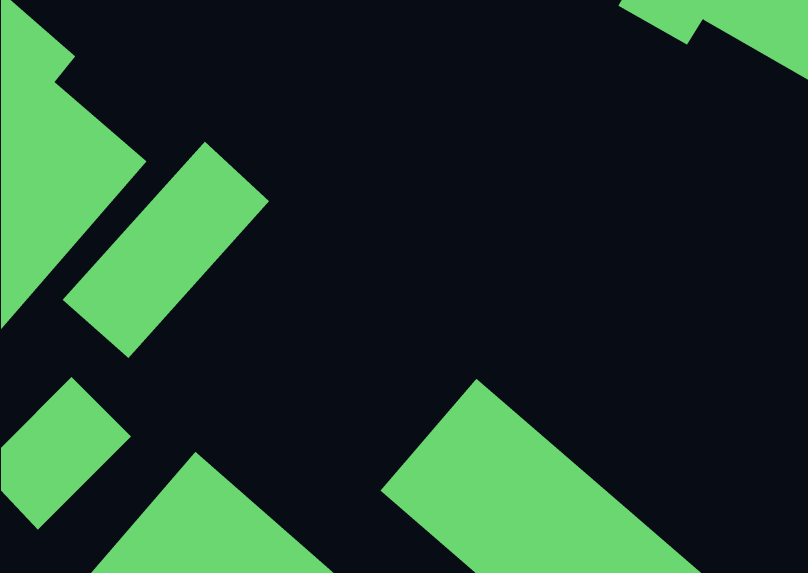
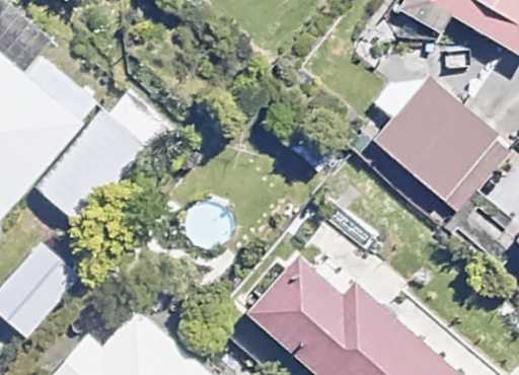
building: none -> [344,63,509,224]

